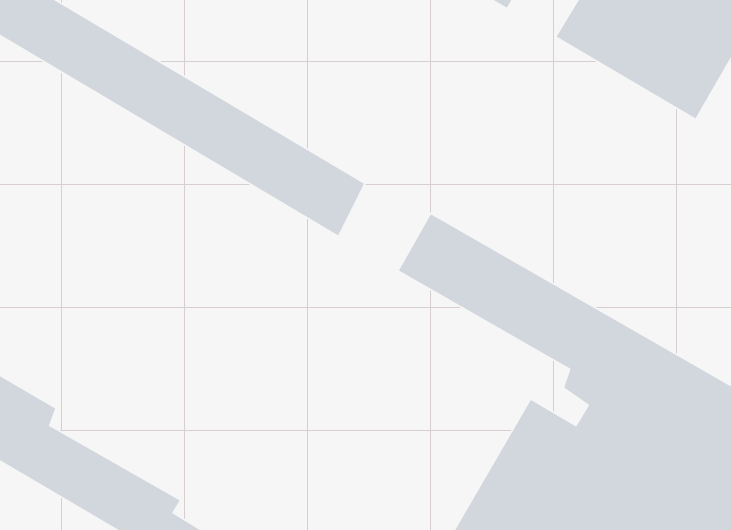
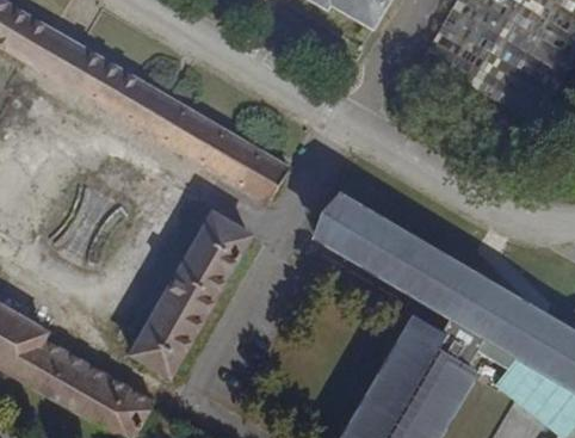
building: none -> [126,217,241,376]

